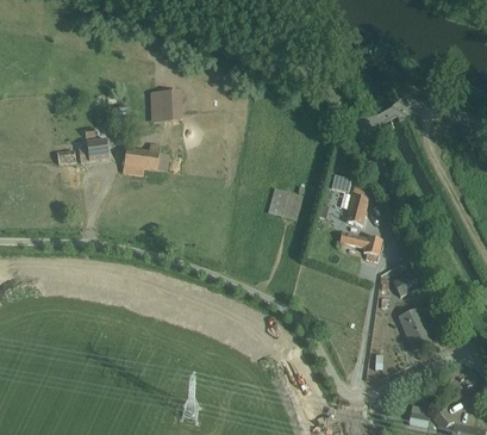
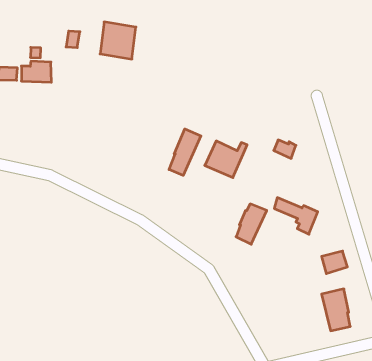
building: [121,141,168,173] -> none
building: none -> [169,129,201,175]
building: [345,186,370,224] -> [236,204,267,244]

